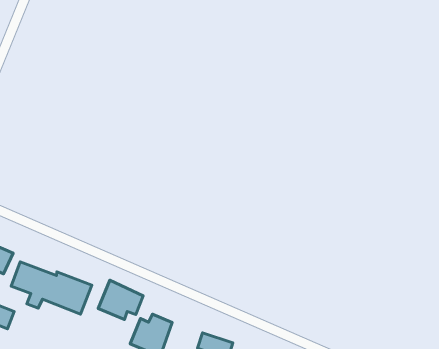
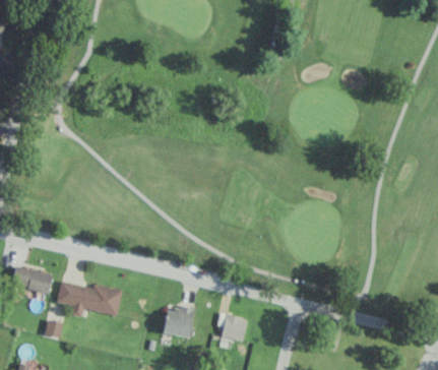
building: [98,280,143,319] -> none

